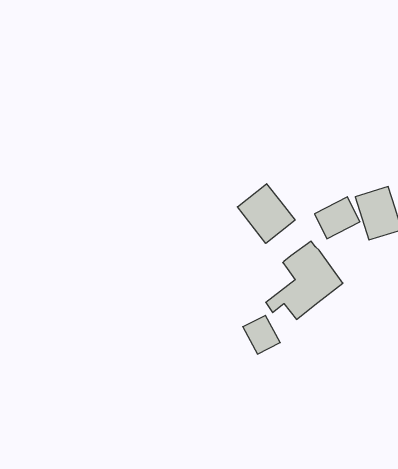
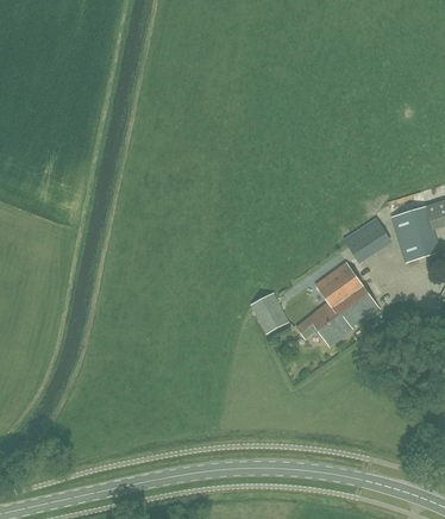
building: [237,184,295,243] -> none
building: [243,315,280,354] -> [250,293,289,333]

